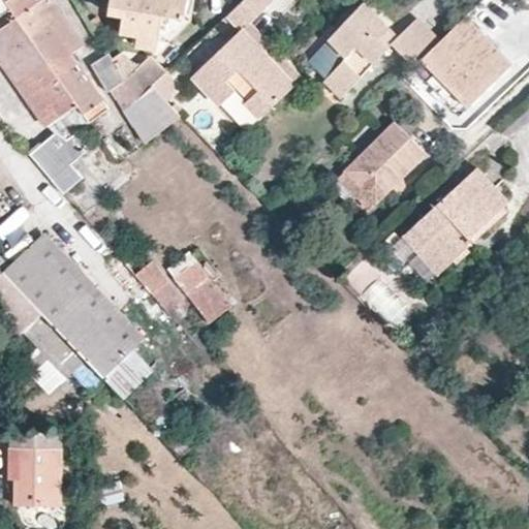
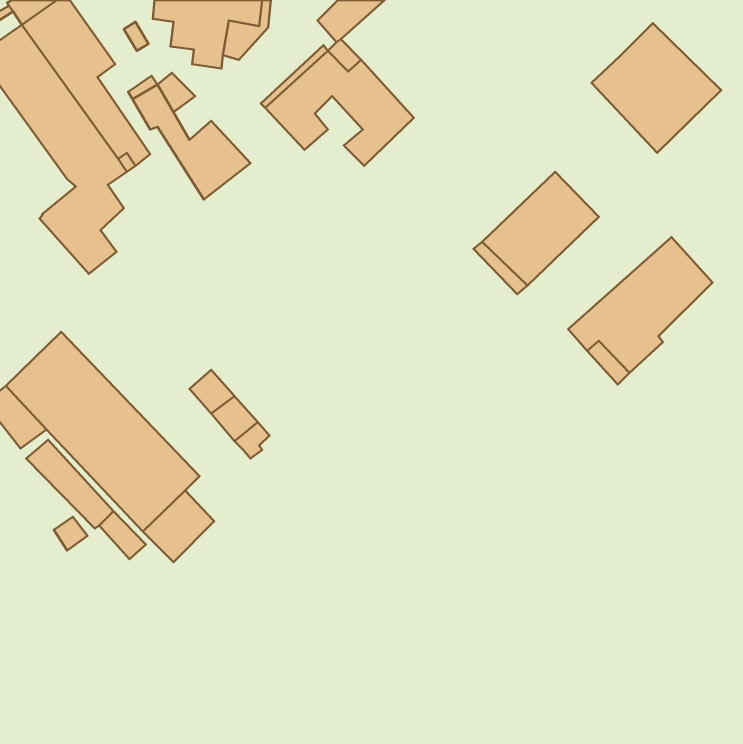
building: [323,4,439,96] -> none
building: [123,57,164,99] -> none
building: [167,253,229,321] -> none
building: [9,447,59,504] -> none

